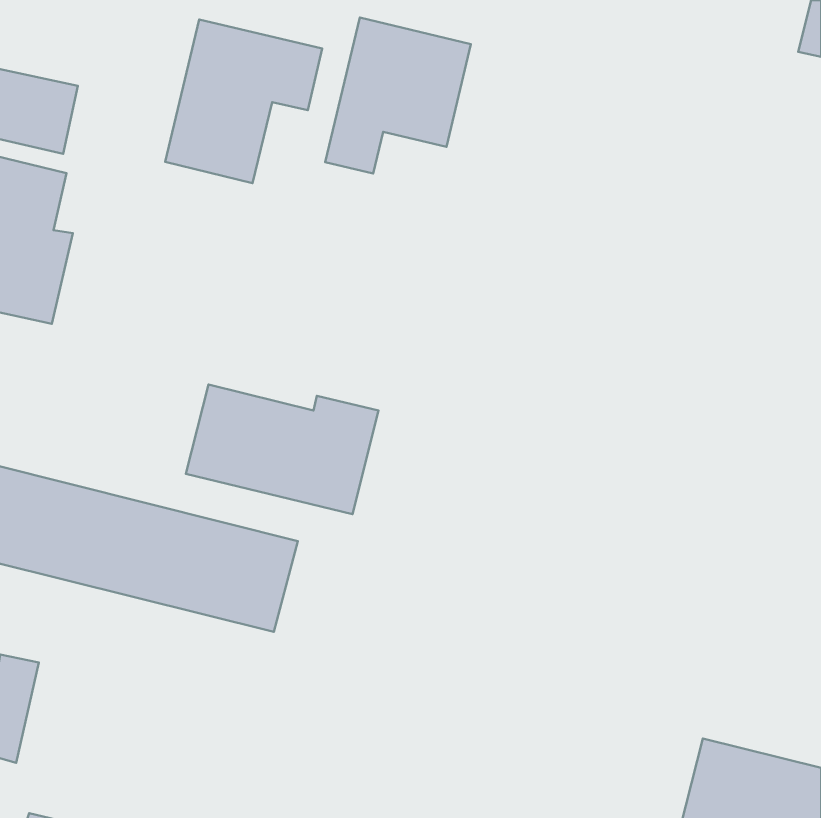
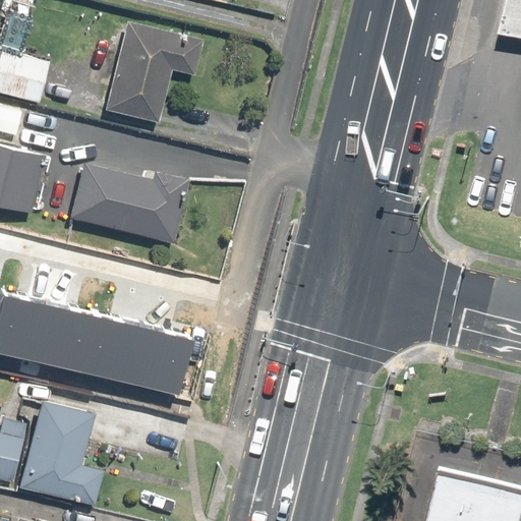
building: [325,18,471,174] -> none
building: [186,385,378,514] -> [70,161,191,242]
building: none -> [19,395,103,505]

